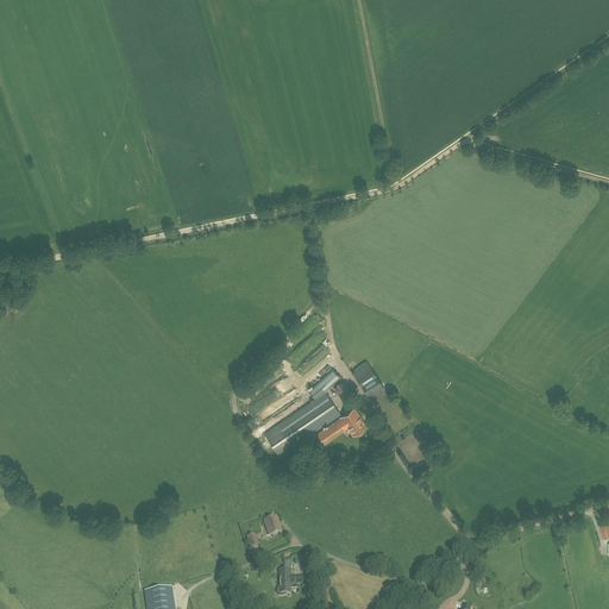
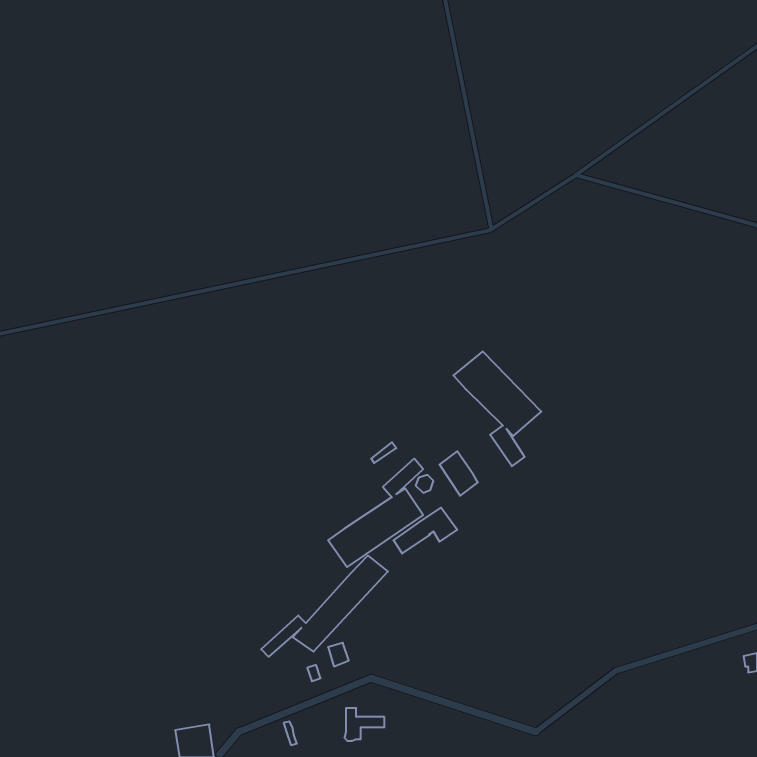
building: none -> [453,351,541,466]
building: none -> [261,556,388,657]

